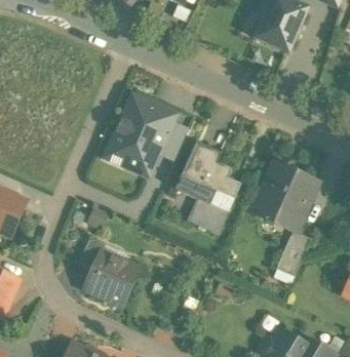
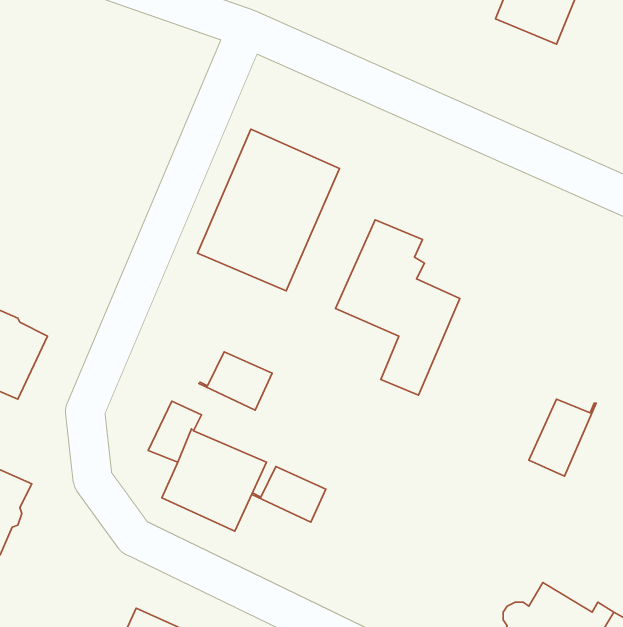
building: [255,164,316,231] -> none
building: none -> [199,352,272,410]
building: none -> [252,467,326,522]

